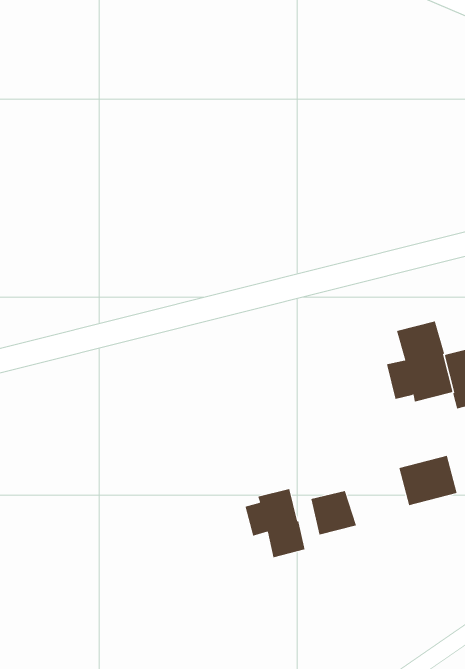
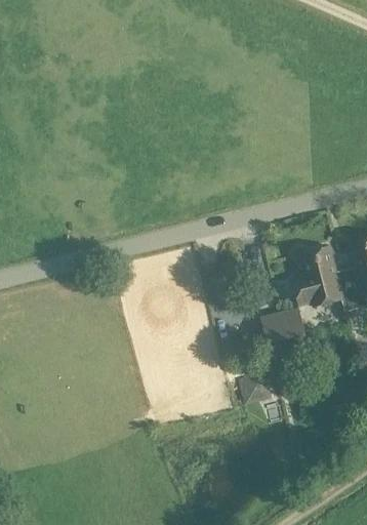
building: [399,455,457,506] -> [263,310,307,347]
building: [245,488,305,558] -> none

